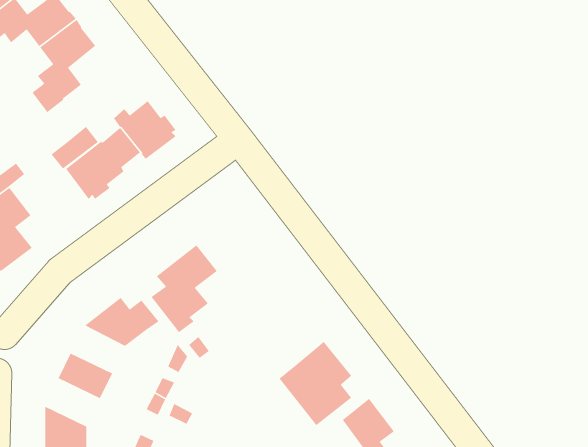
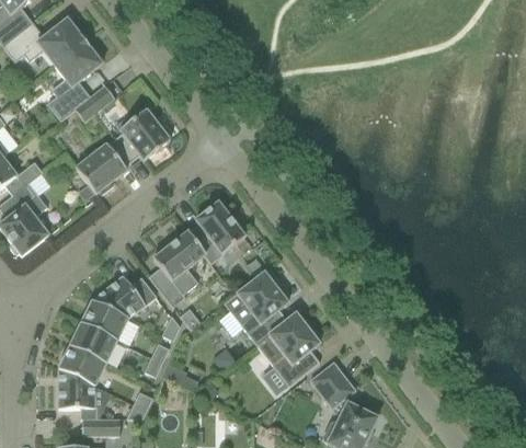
building: [51,125,99,169] -> [76,83,116,120]
building: none -> [188,200,245,262]
building: none -> [225,271,288,344]
building: none -> [81,299,128,340]
building: none -> [59,344,106,384]

